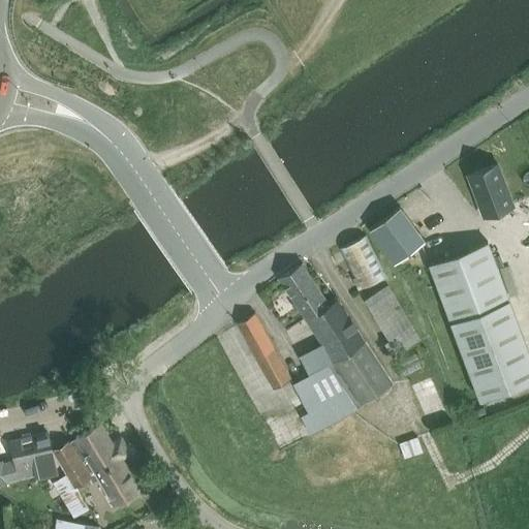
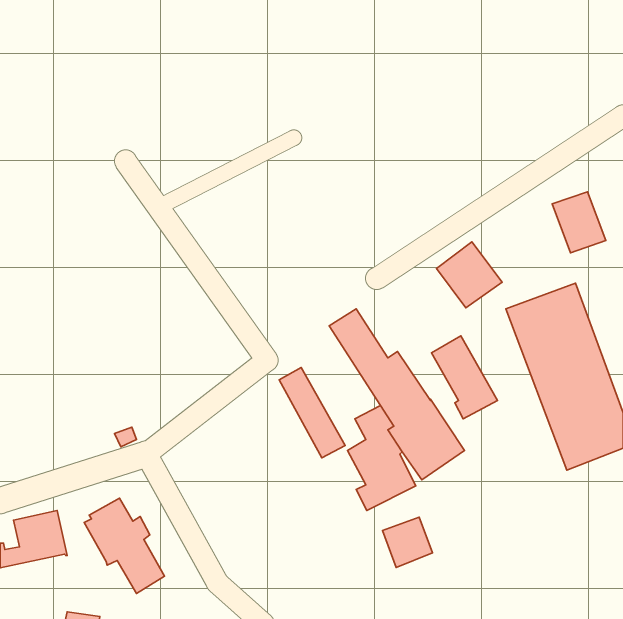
building: [338,239,385,293] -> none
building: none -> [382,517,433,568]
building: [54,443,90,489] -> none

